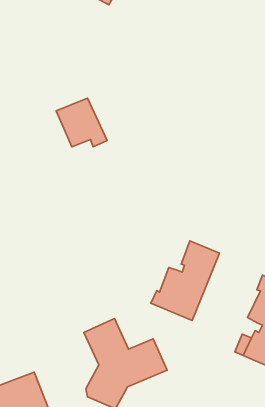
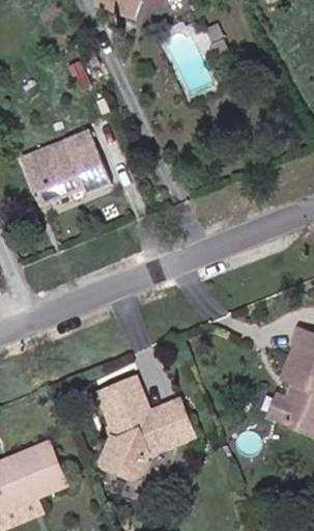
building: none -> [27,143,85,197]
building: [151,241,219,321] -> none

